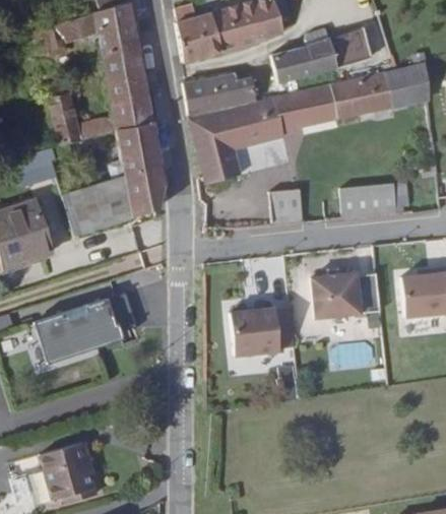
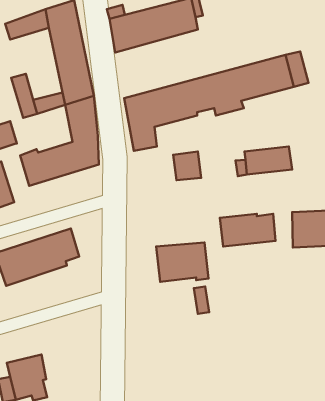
building: [274,34,368,86] -> none
building: [409,58,434,104] -> none
building: [183,69,263,115] -> none

